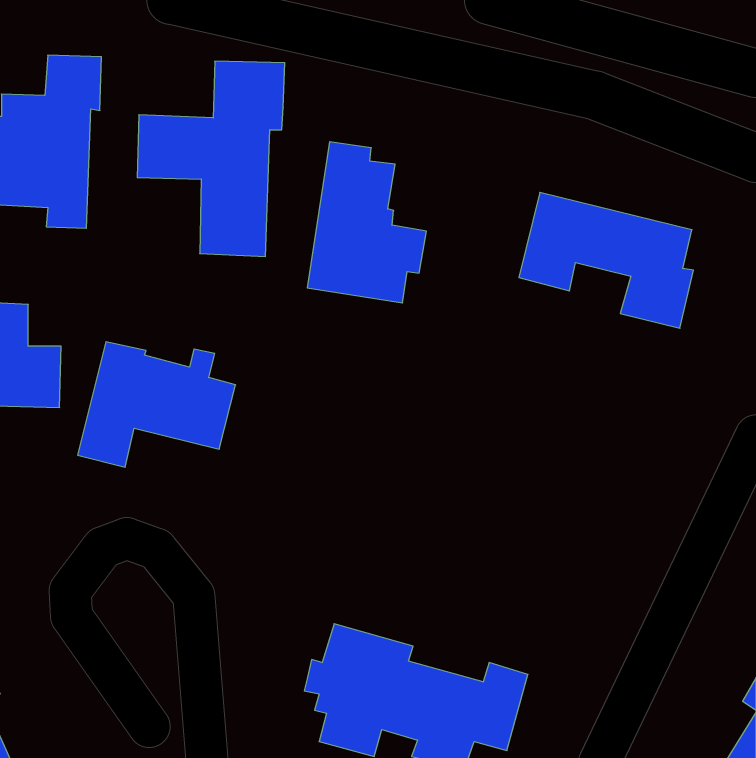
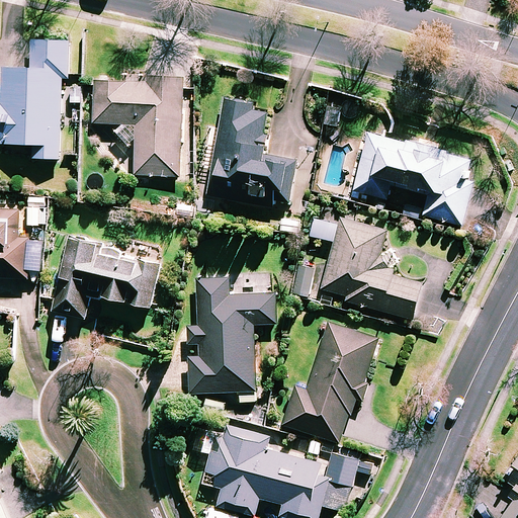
building: none -> [318,218,422,319]
building: none -> [188,277,275,405]
building: none -> [282,324,377,442]

